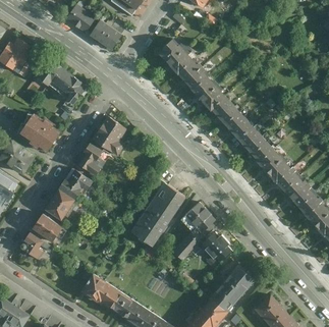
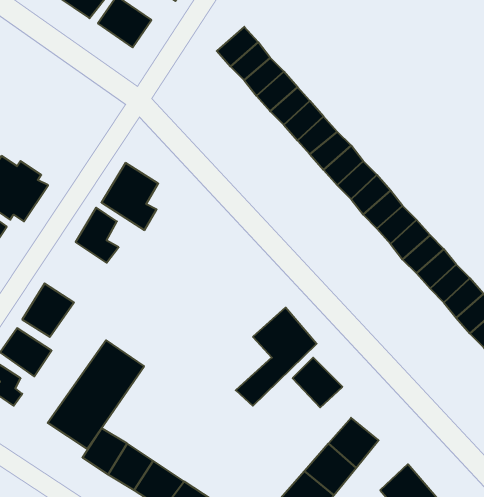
building: [39,60,85,102] -> none
building: [57,168,91,199] -> none
building: [129,181,186,246] -> [48,340,144,449]

